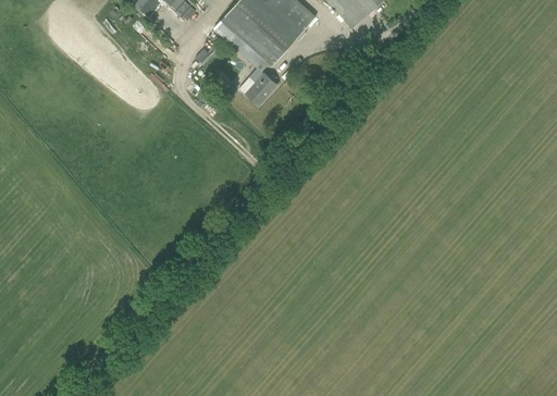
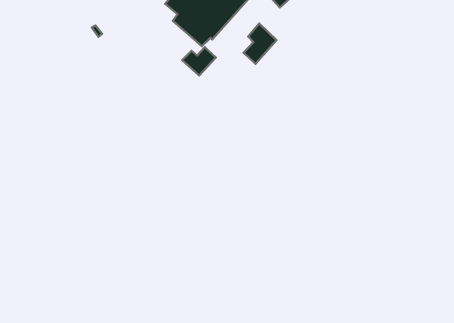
building: none -> [244,23,277,64]

